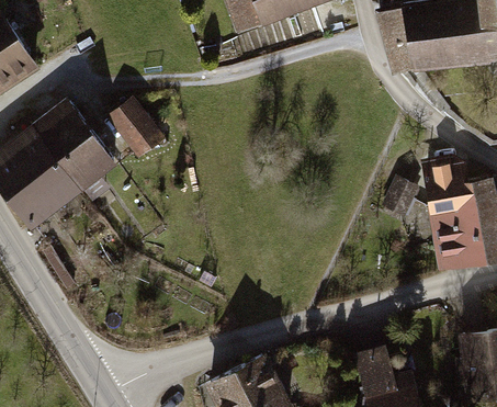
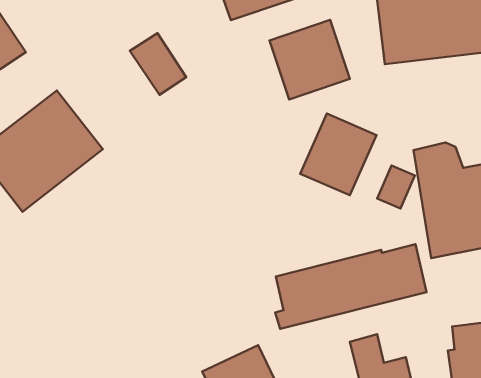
building: none -> [270,20,350,99]
building: [114,95,170,157] -> [130,33,186,95]
building: none -> [300,113,376,195]
building: none -> [275,244,426,329]

